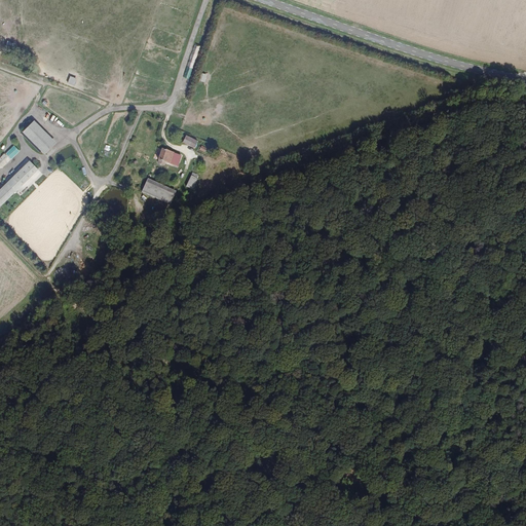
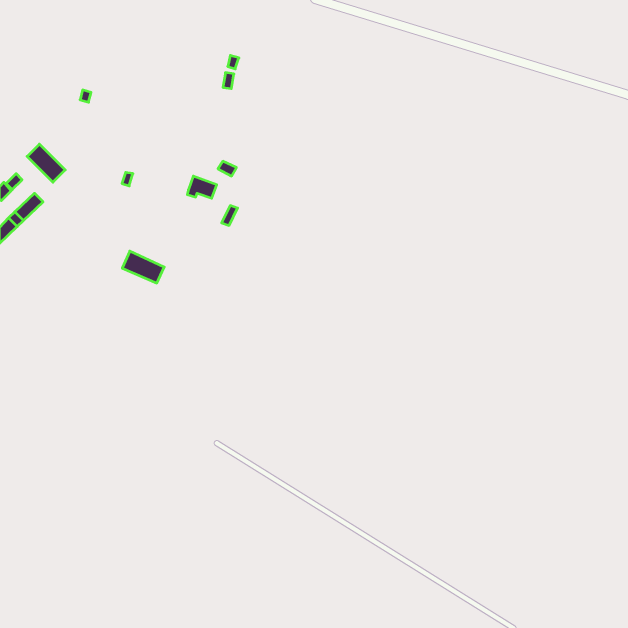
building: [141,177,176,203] -> [122,251,164,283]

